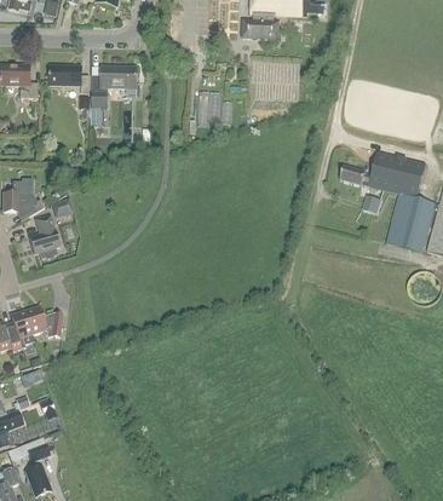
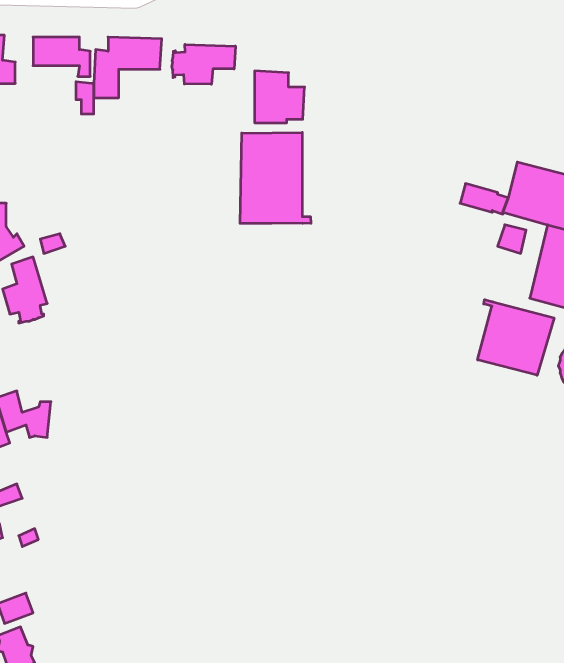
building: none -> [172,44,235,84]
building: none -> [240,132,311,223]
building: none -> [478,300,554,375]

